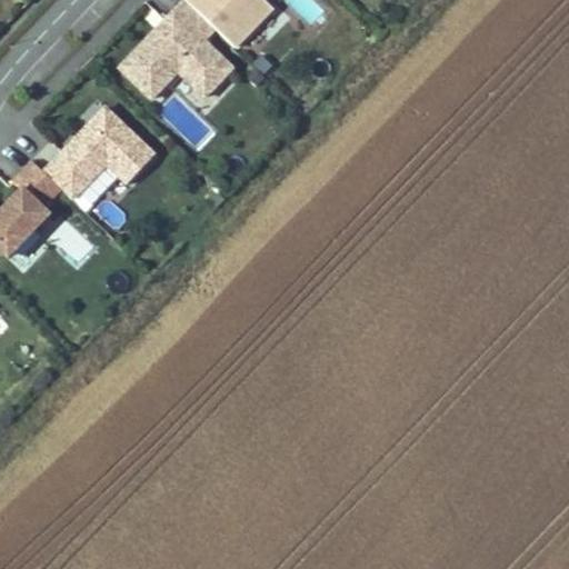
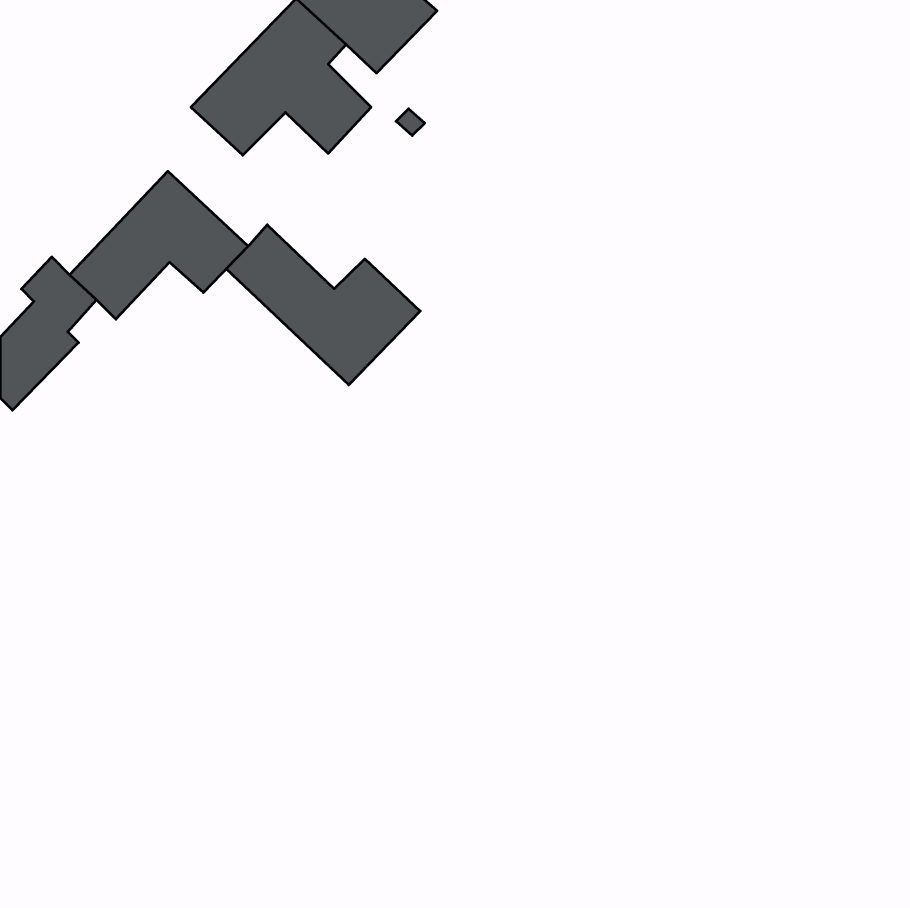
building: none -> [226,225,420,385]

